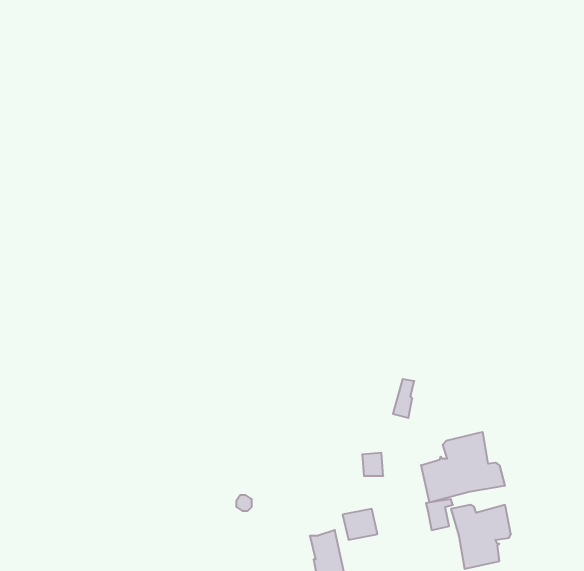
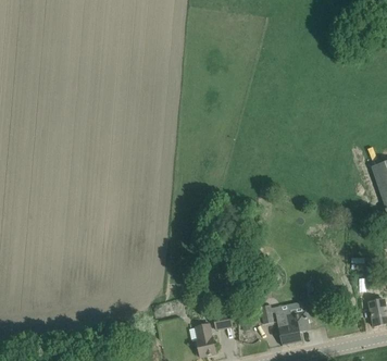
building: [421,432,505,502] -> none

